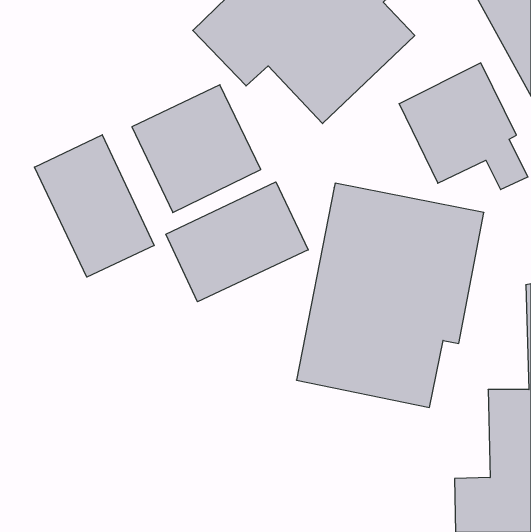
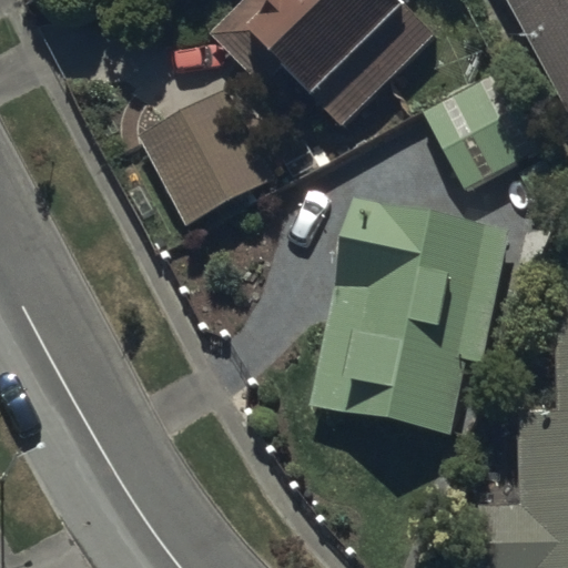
building: [34,135,154,277] -> none
building: [166,182,308,302] -> none

